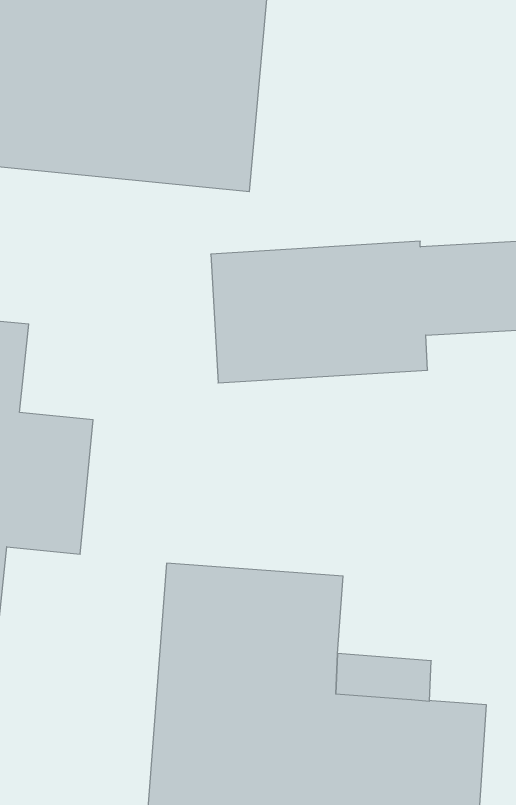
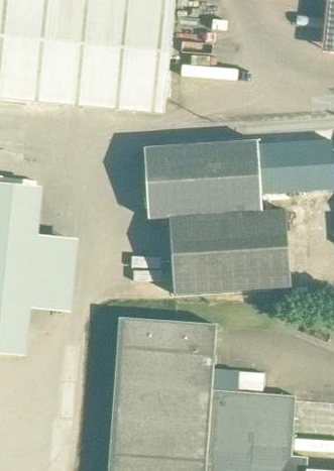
building: none -> [169,210,290,292]

